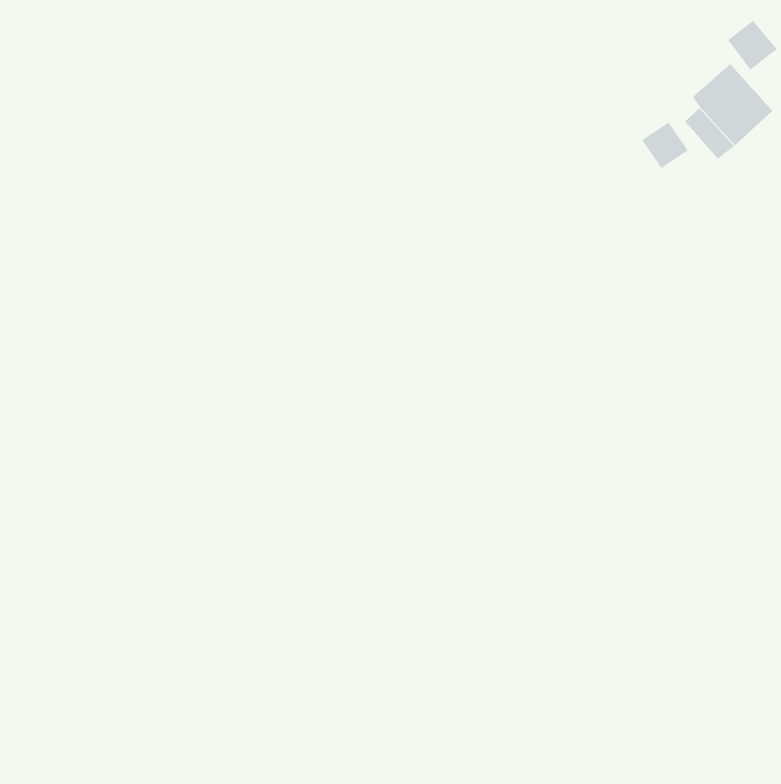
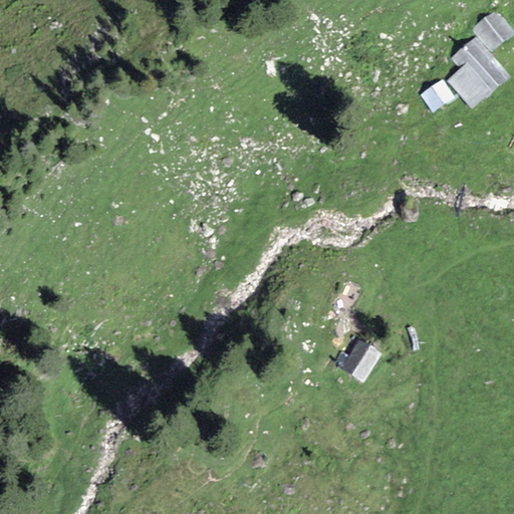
building: none -> [339,339,382,387]

